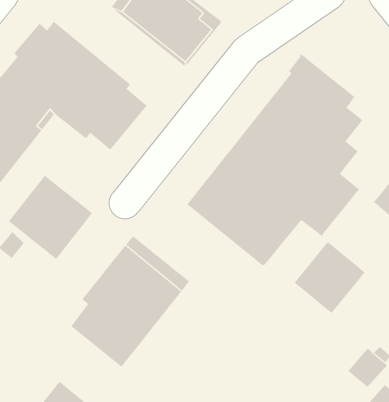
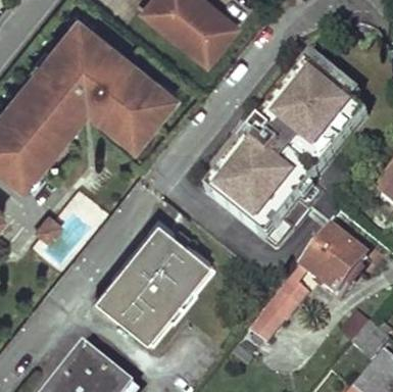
building: [8,175,93,260] -> none
building: none -> [254,270,311,335]

